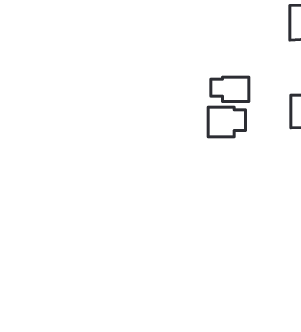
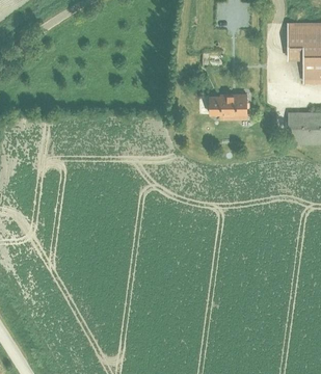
building: [208,107,245,137] -> none

